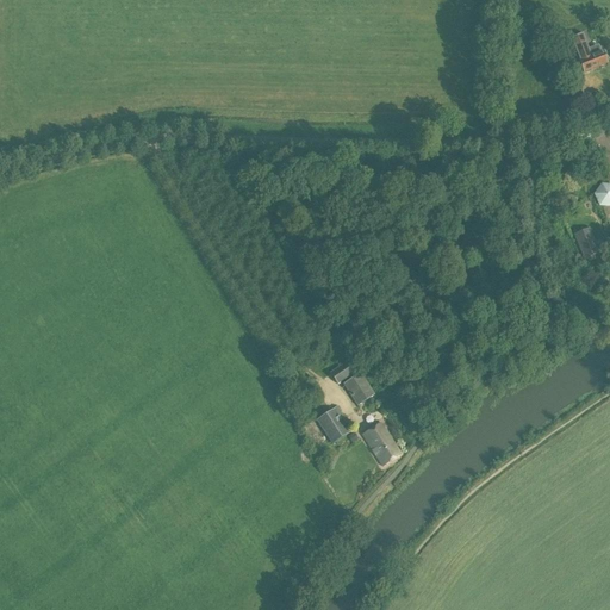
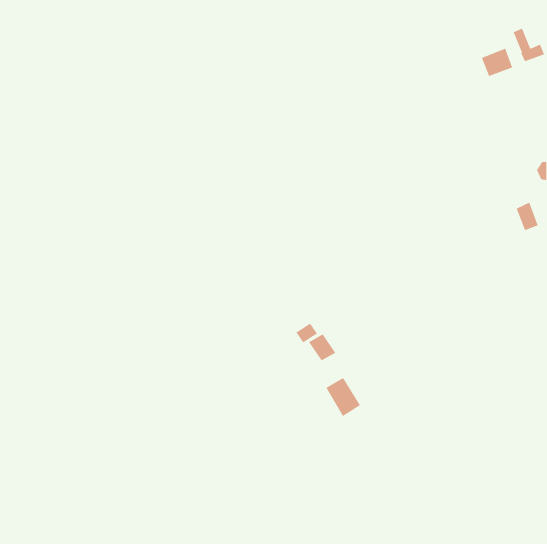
building: none -> [481,48,513,77]
building: [316,405,353,442] -> none

